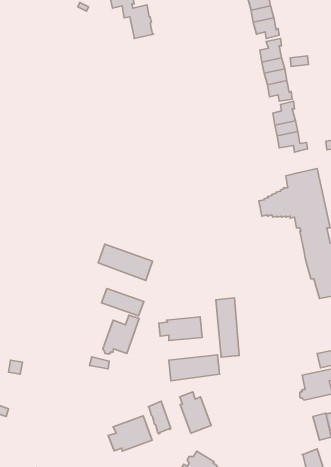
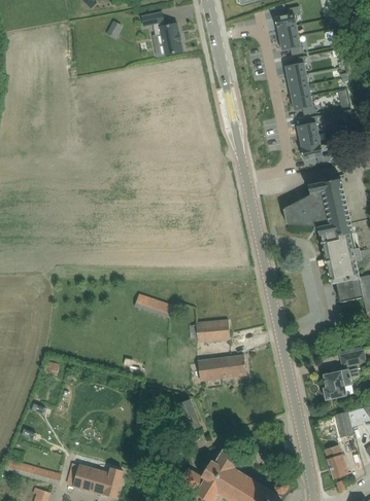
building: [98,244,152,281] -> none
building: [216,298,239,357] -> none
building: [103,315,139,354] -> none
building: [180,392,211,433] -> none
building: [108,416,152,451] -> none

